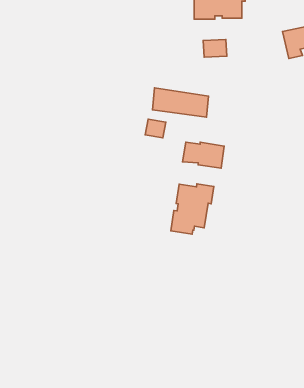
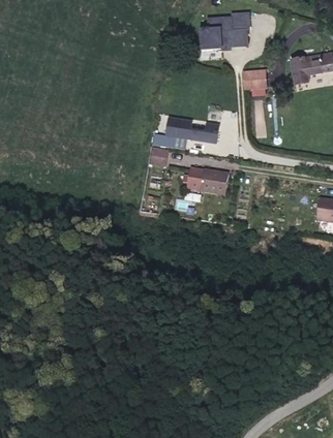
building: [203,40,227,57] -> [245,70,269,88]
building: [171,184,214,234] -> none

